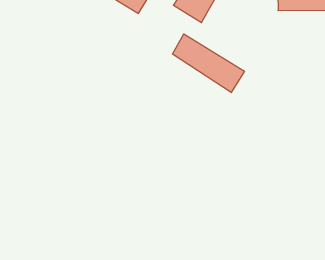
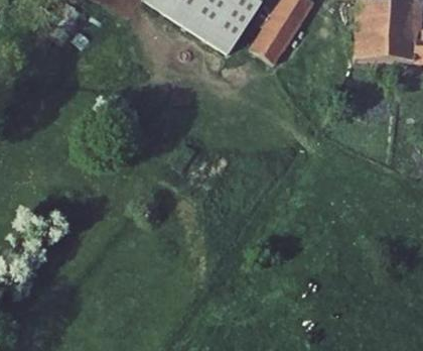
building: [172,34,244,93] -> none

